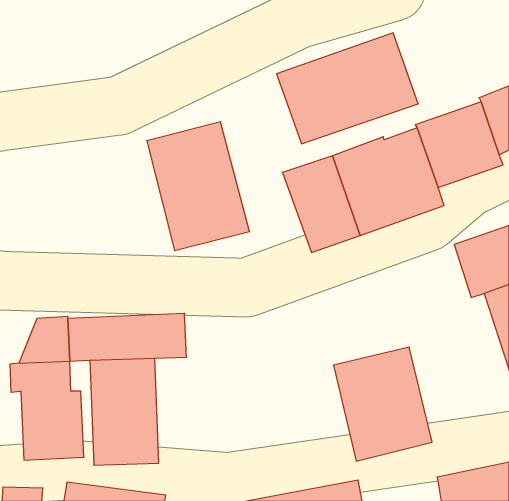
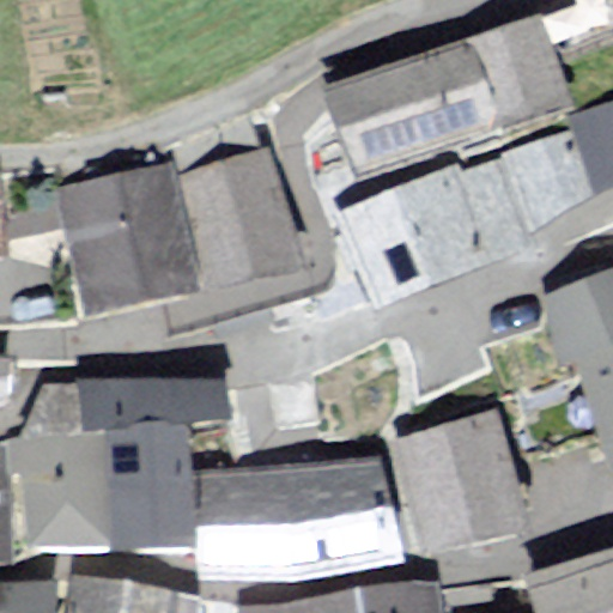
building: none -> [472,18,568,125]
building: none -> [55,159,207,322]
building: none -> [196,462,382,569]

